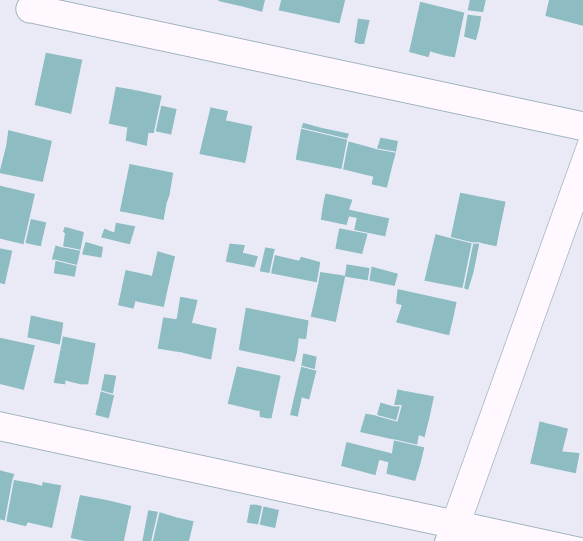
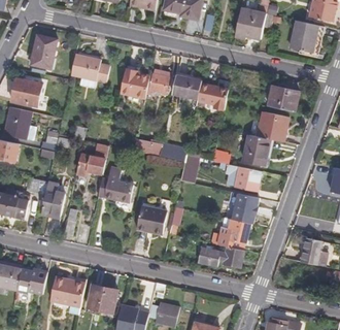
building: none -> [290,20,322,57]
building: none -> [146,68,170,93]
building: none -> [267,86,298,112]
building: [119,163,174,221] -> none
building: [320,193,390,237] -> none
building: [238,307,309,362] -> none
building: none -> [232,194,258,224]

